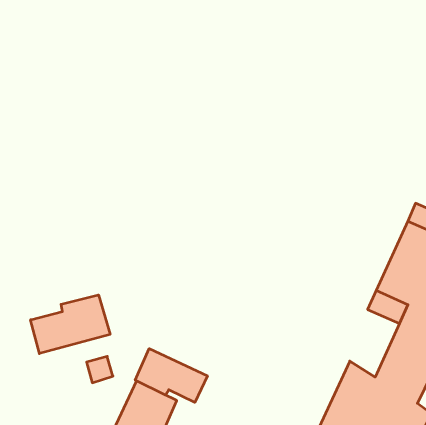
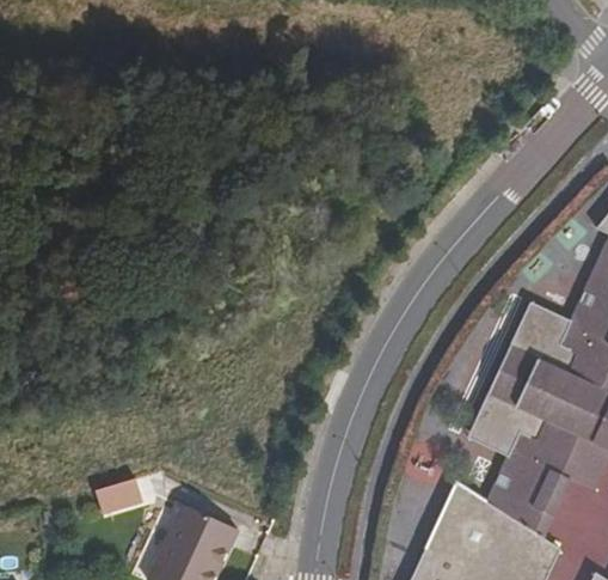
building: [31,295,110,354] -> none
building: [135,349,207,402] -> none

